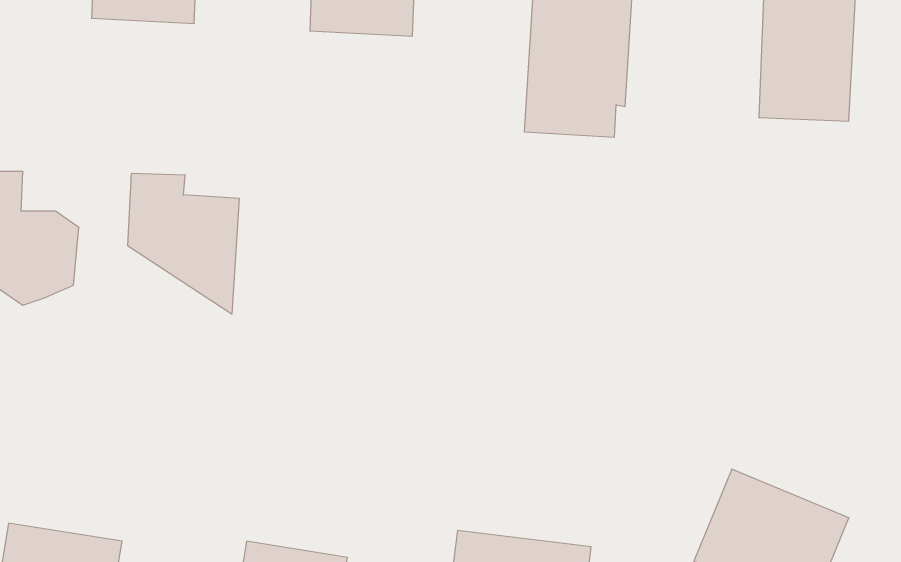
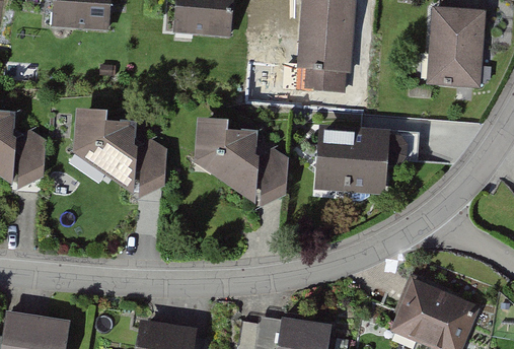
building: none -> [195,118,289,207]
building: none -> [317,126,409,192]
building: none -> [137,139,165,199]

